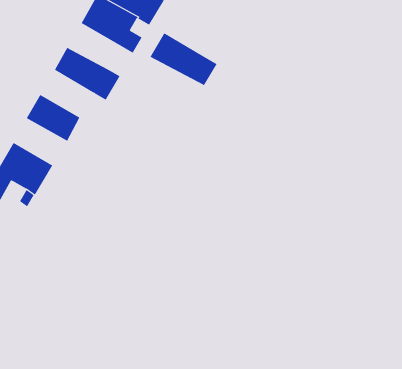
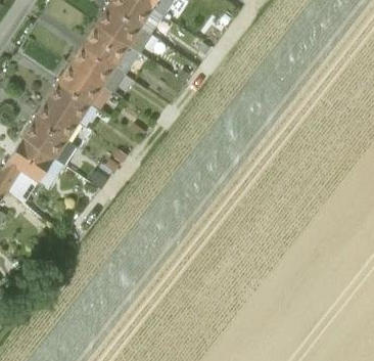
building: [150,33,217,86] -> [71,47,124,91]
building: none -> [47,83,90,122]
building: none -> [24,120,77,165]

